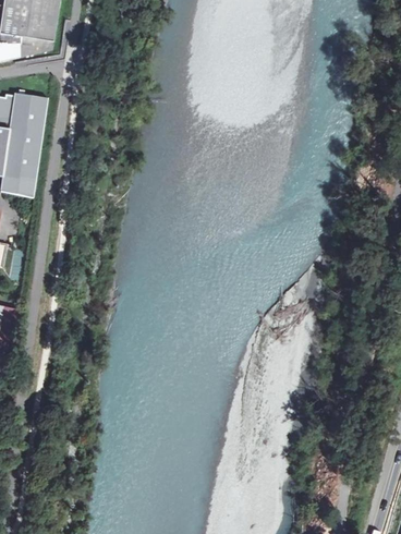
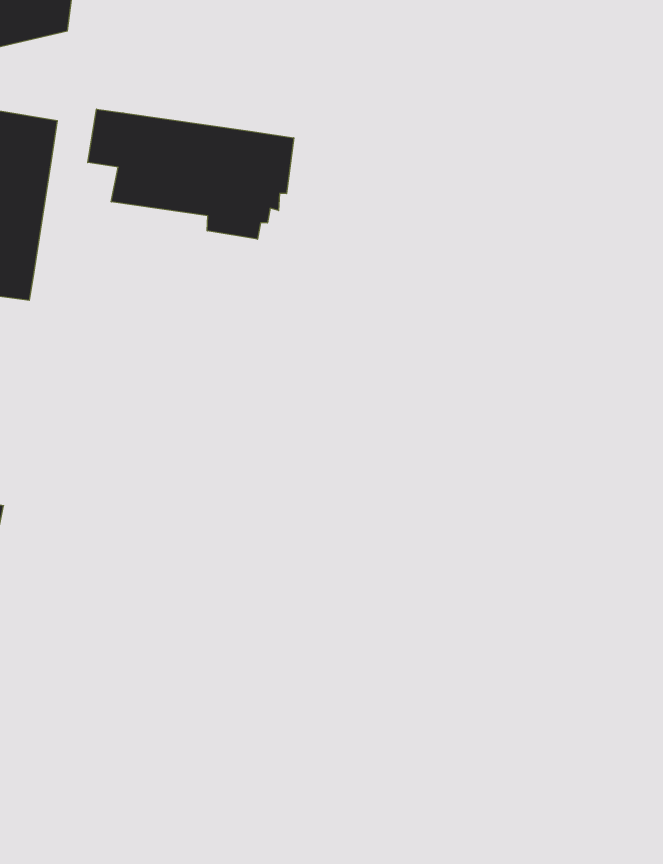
building: none -> [88,109,294,239]

